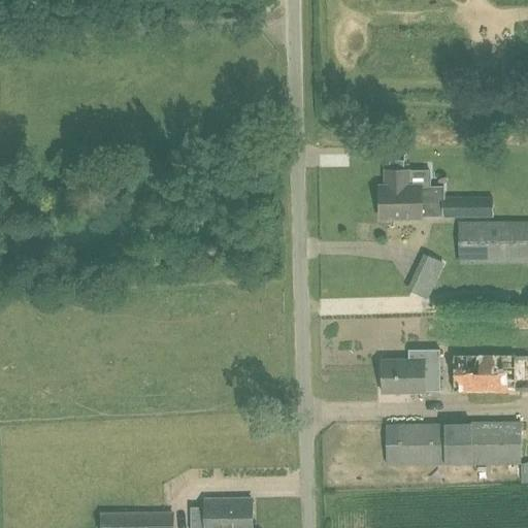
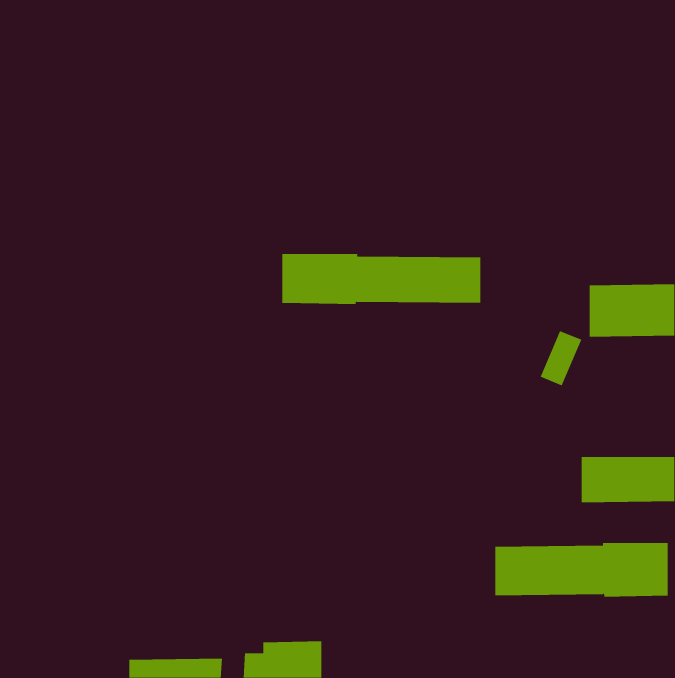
building: [380,169,492,217] -> none
building: none -> [282,253,481,305]
building: [381,343,438,392] -> none

